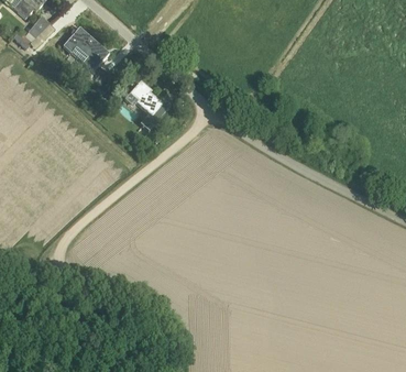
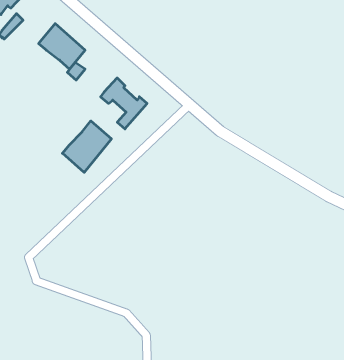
building: none -> [62,121,111,172]

